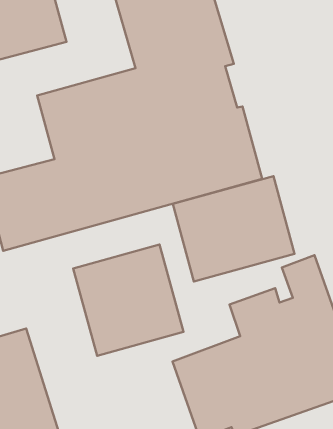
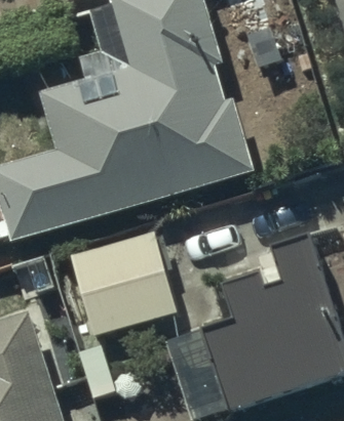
building: [173,176,295,282] -> none

